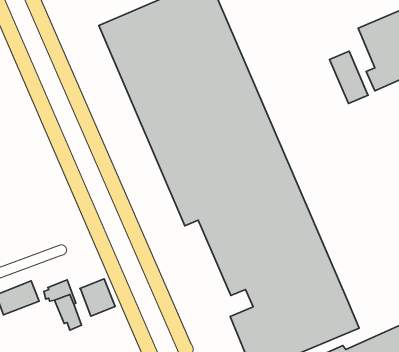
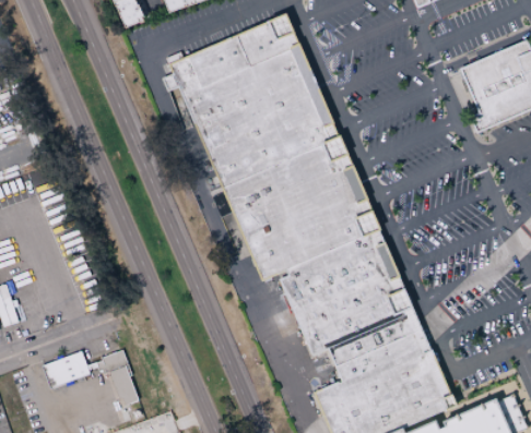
building: [330,51,368,104] -> none
building: [80,279,115,316] -> none

